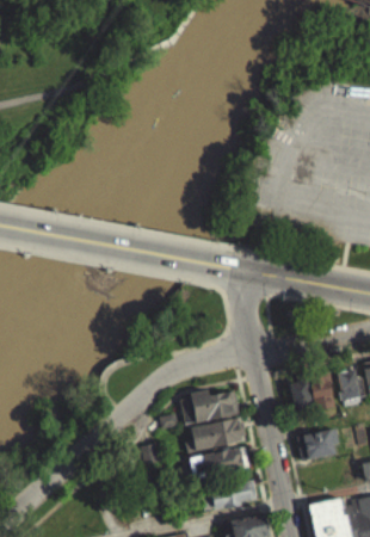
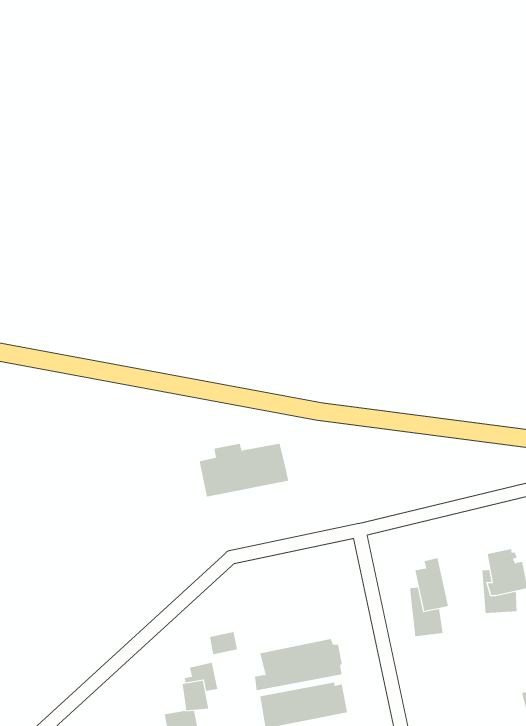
building: [310,371,338,412] -> none
building: [177,399,236,434] -> [199,443,289,497]
building: [300,428,340,459] -> none

